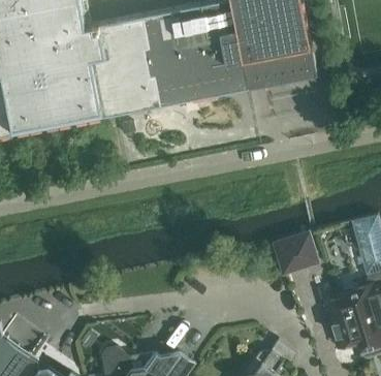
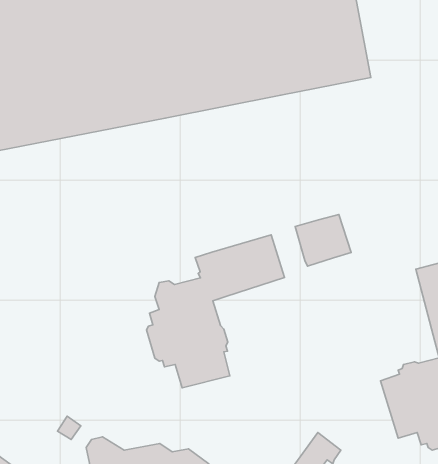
building: none -> [147,235,285,388]
building: [274,234,316,274] -> [295,214,351,266]

